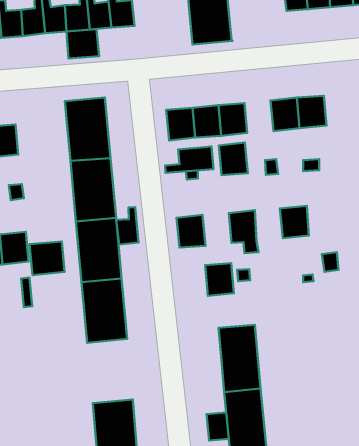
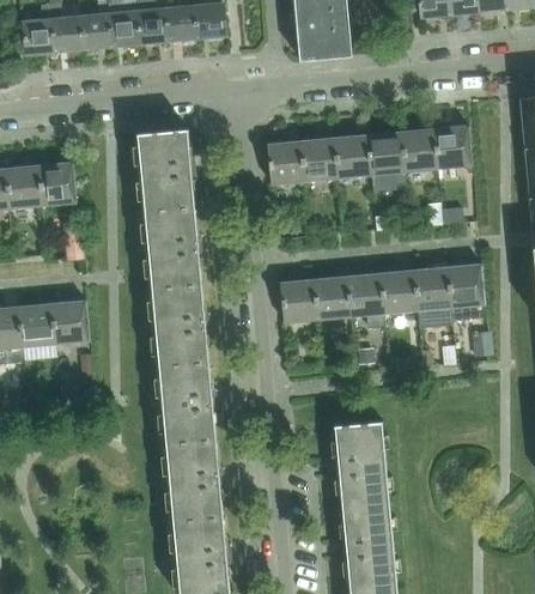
building: [67,29,99,59] -> none
building: [219,143,248,175] -> [367,132,405,174]
building: [165,146,214,173] -> none
building: none -> [448,263,486,320]
building: [116,207,139,245] -> none
building: none -> [381,271,417,313]
building: [29,241,65,275] -> none
building: [205,263,234,296] -> [314,277,351,319]
building: none -> [165,438,224,521]
building: [207,412,229,440] -> none

